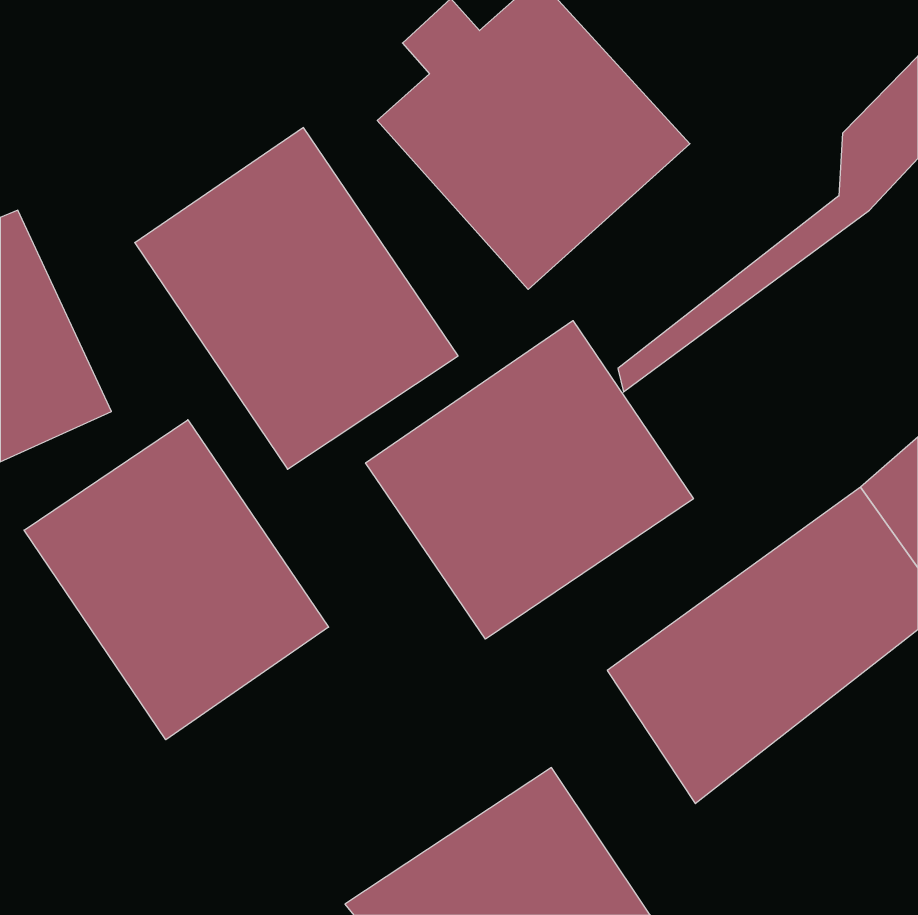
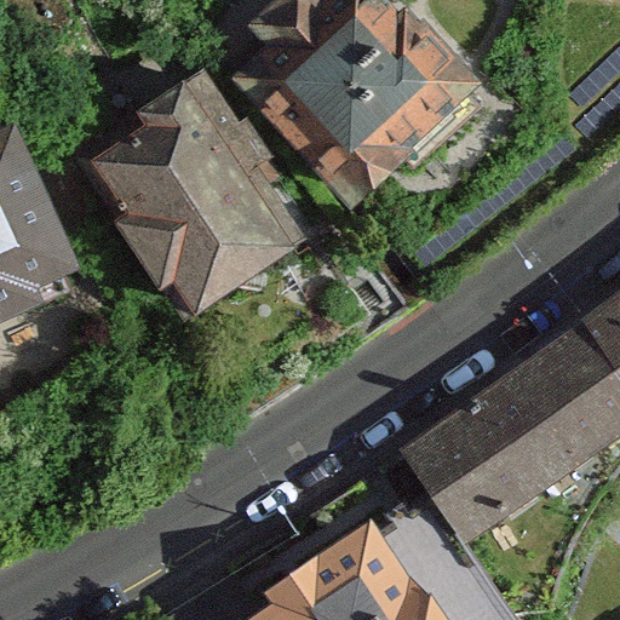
building: [366,321,693,639] -> none
building: [24,420,329,740] -> none

